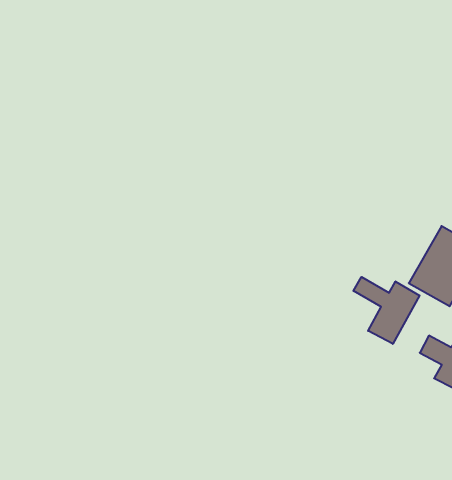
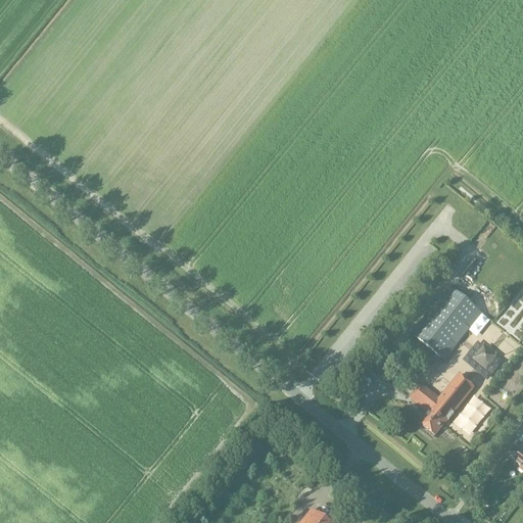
building: [353,277,420,344] -> none

